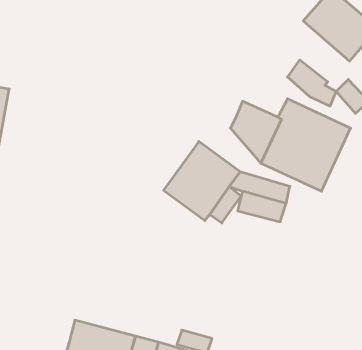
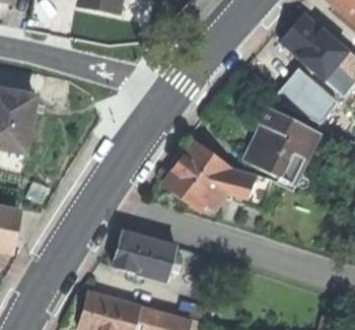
building: none -> [114,233,173,279]

